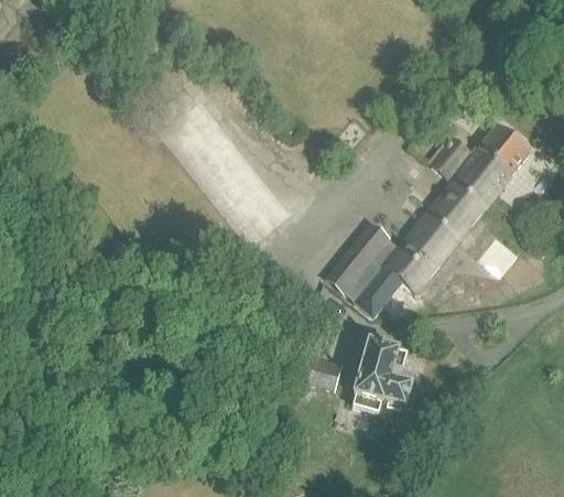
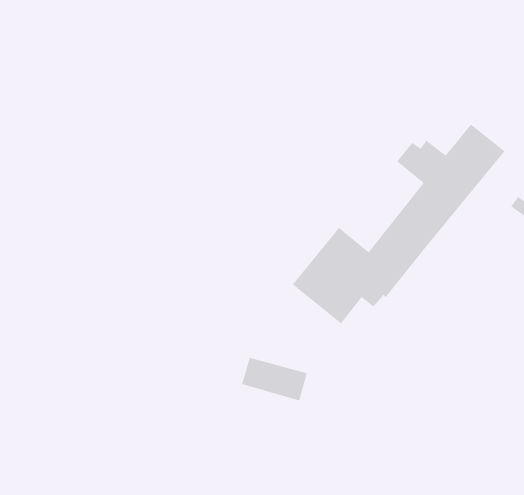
building: [354,336,413,414] -> none

